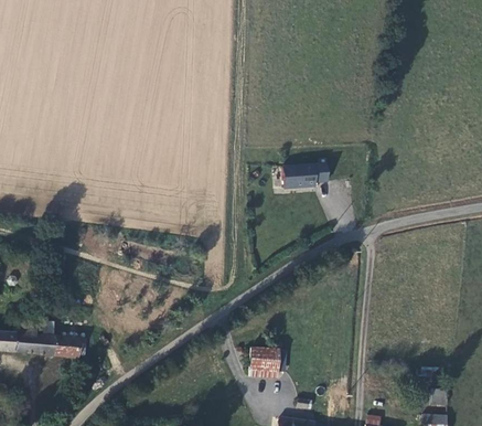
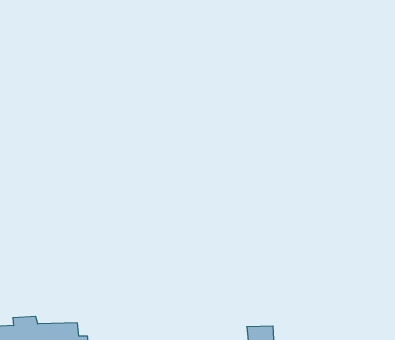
building: [285,153,332,184] -> none

